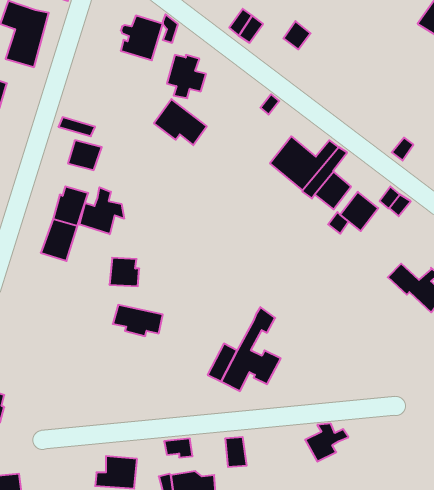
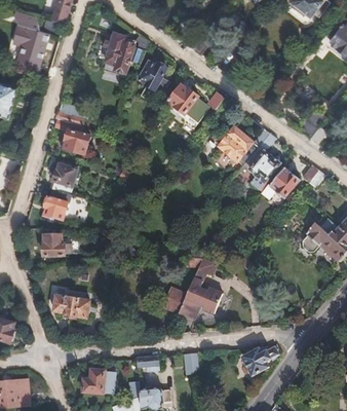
building: [154,99,207,145] -> [166,84,206,119]
building: [80,187,124,234] -> none
building: [109,258,139,286] -> [42,234,65,256]
building: [113,305,163,336] -> [51,294,89,317]

